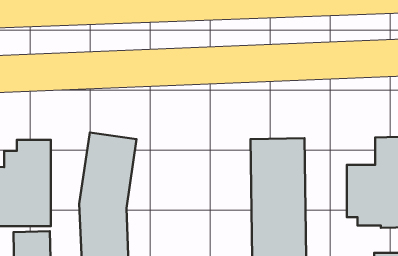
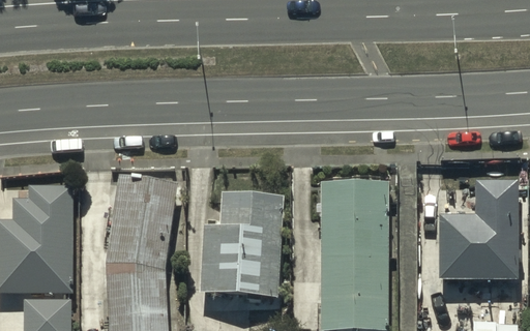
building: none -> [200,190,284,297]

